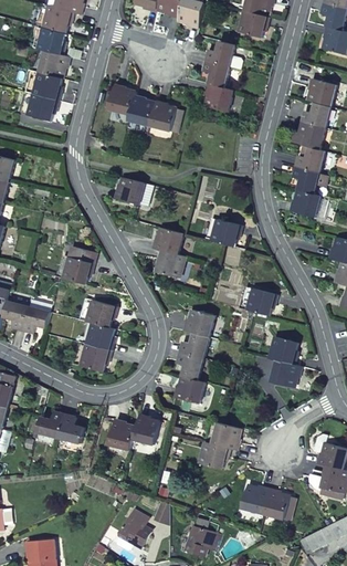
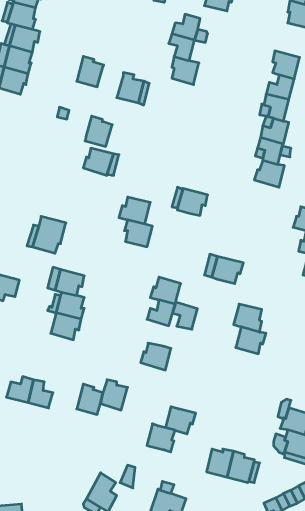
building: [128,94,156,125] -> [85,116,112,146]
building: [177,352,202,379] -> [172,302,197,329]
building: [212,421,241,450] -> [147,424,175,452]

